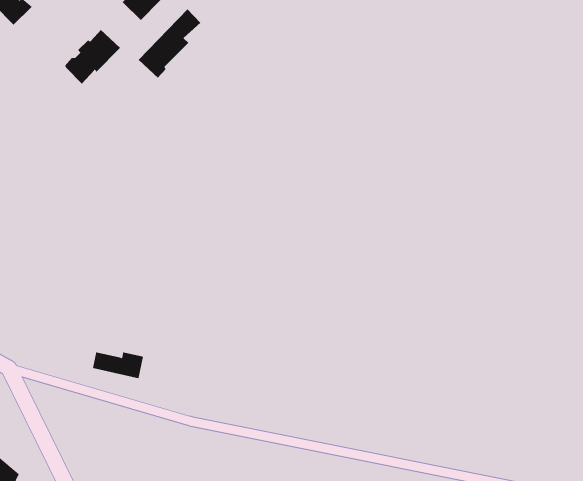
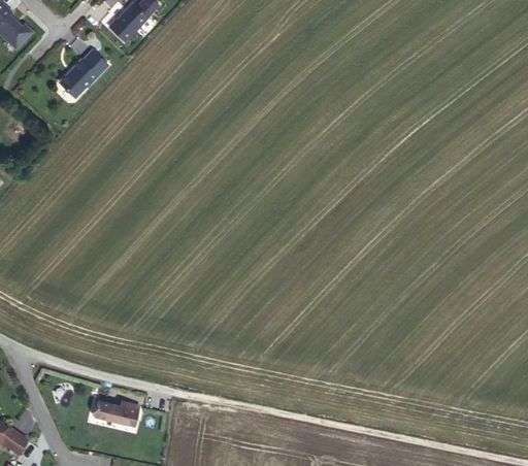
building: [138,9,201,78] -> none
building: [92,352,144,379] -> [92,401,137,425]

